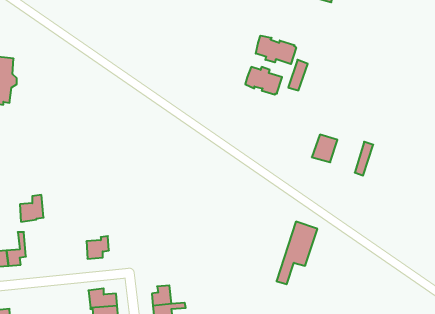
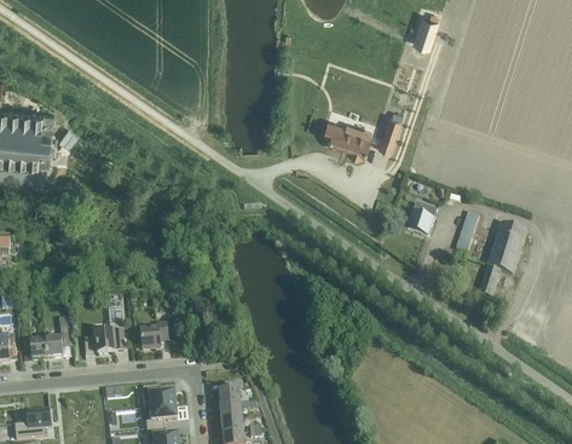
building: [256,36,296,64] -> none
building: [20,195,44,222] -> [94,321,122,352]
building: [276,222,317,284] -> [478,220,526,294]

